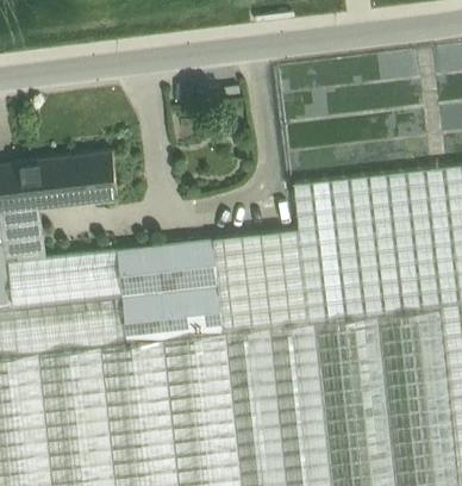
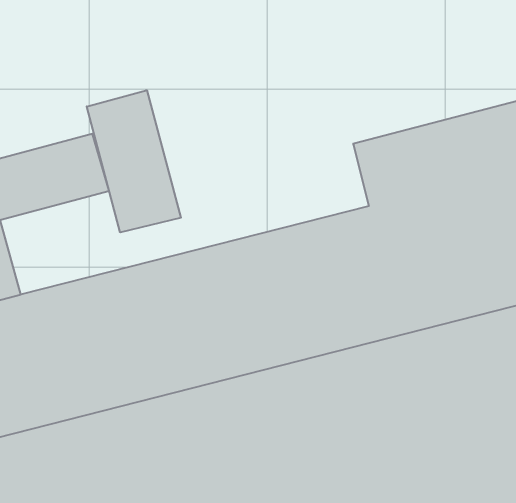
building: none -> [87,90,181,232]

